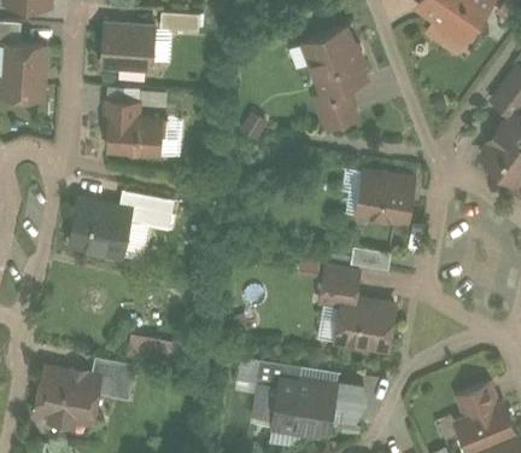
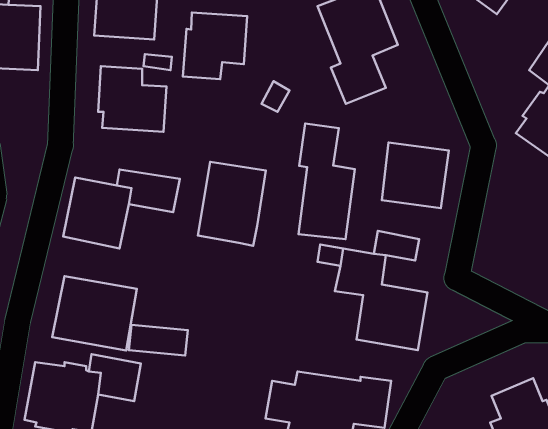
building: none -> [183,13,247,79]
building: none -> [298,124,355,239]
building: none -> [198,162,266,246]
building: none -> [52,276,137,350]

